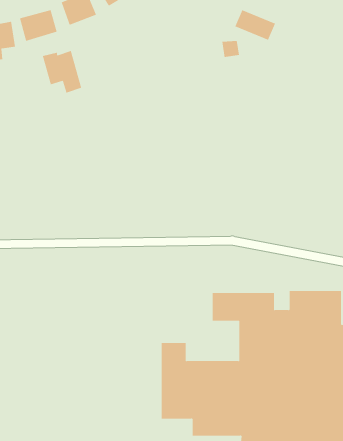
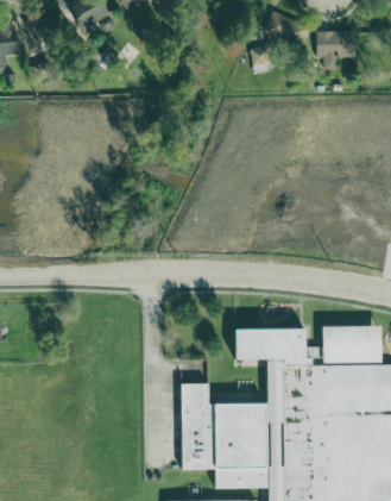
building: none -> [316,31,357,69]
building: [42,50,82,94] -> none

